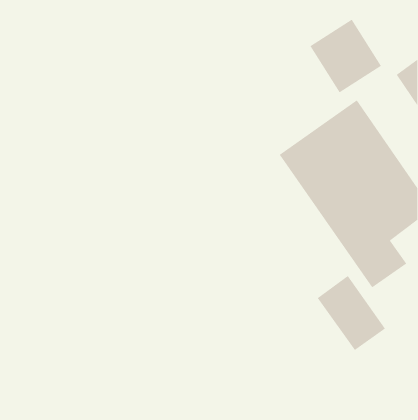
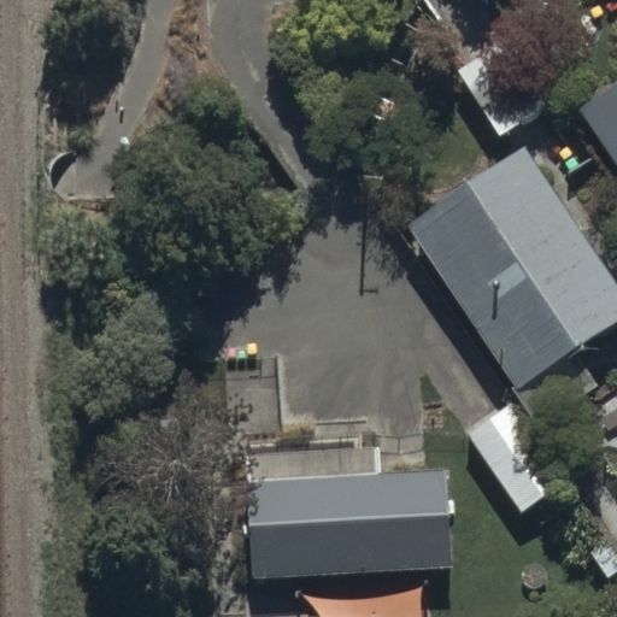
building: none -> [245,447,451,581]

